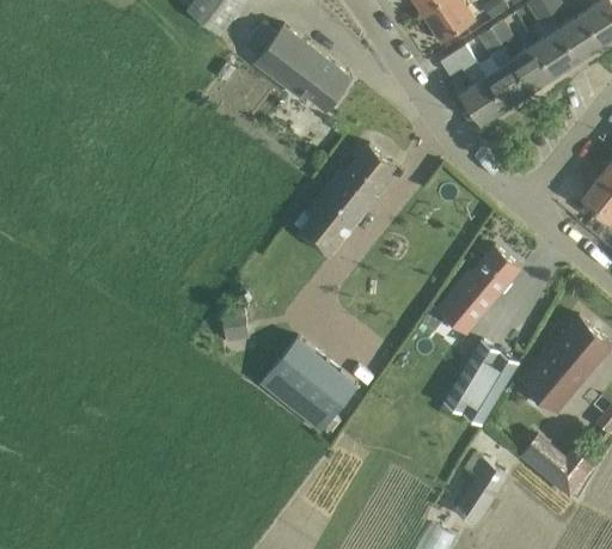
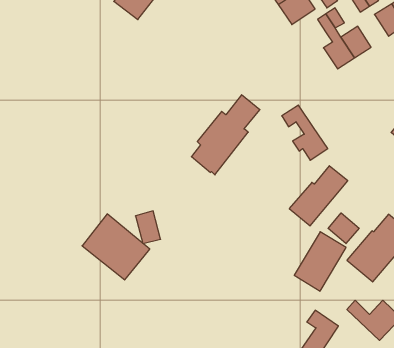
building: [244,20,353,111] -> none
building: [534,29,579,75] -> none
building: [440,44,506,123] -> [282,105,328,160]
building: none -> [328,213,359,244]
building: [259,336,356,431] -> [82,214,150,280]

